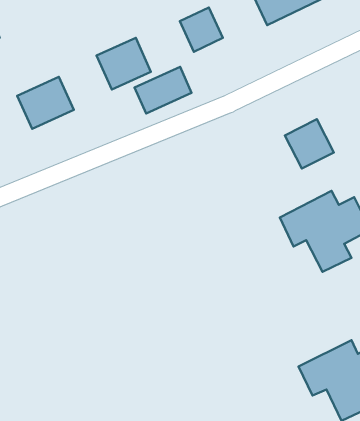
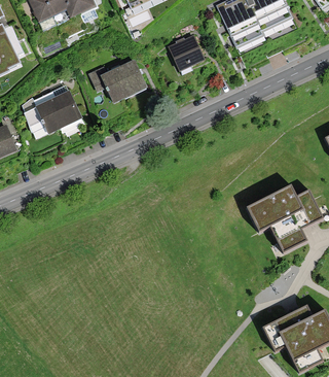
building: [135,67,191,113] -> none
building: [285,119,334,169] -> none

